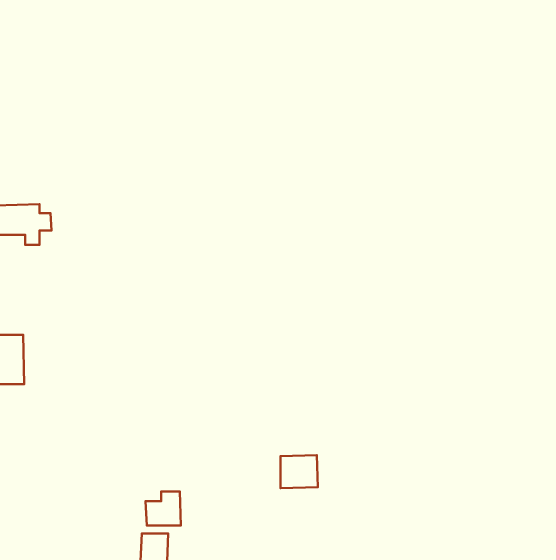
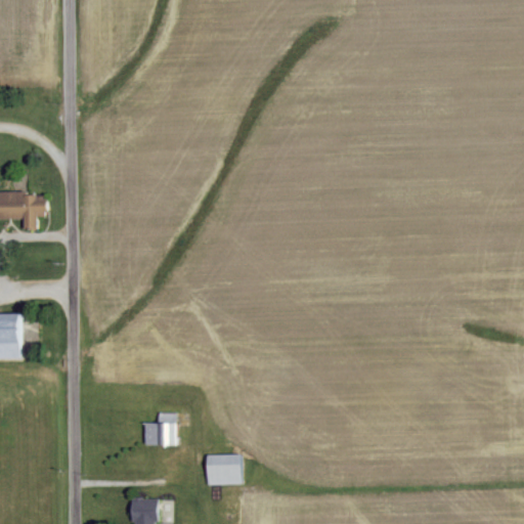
building: [281,455,318,488] -> [207,454,242,485]
building: [146,491,181,525] -> [144,413,177,445]

